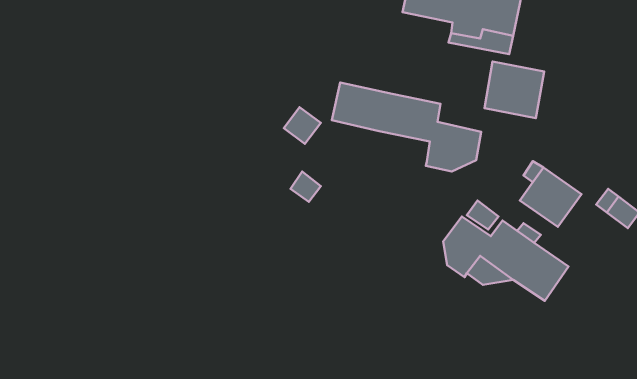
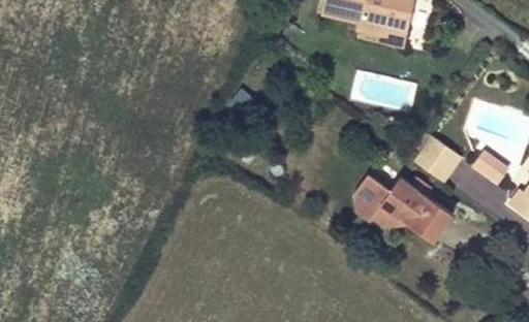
building: [484,61,544,118] -> none
building: [332,82,481,171] -> none

